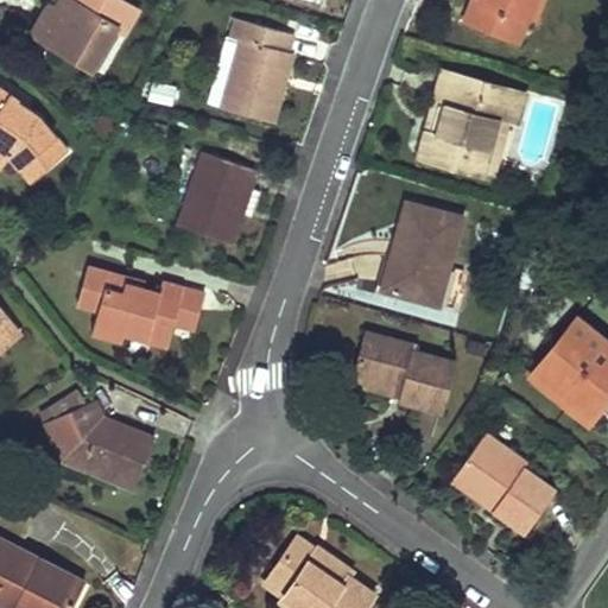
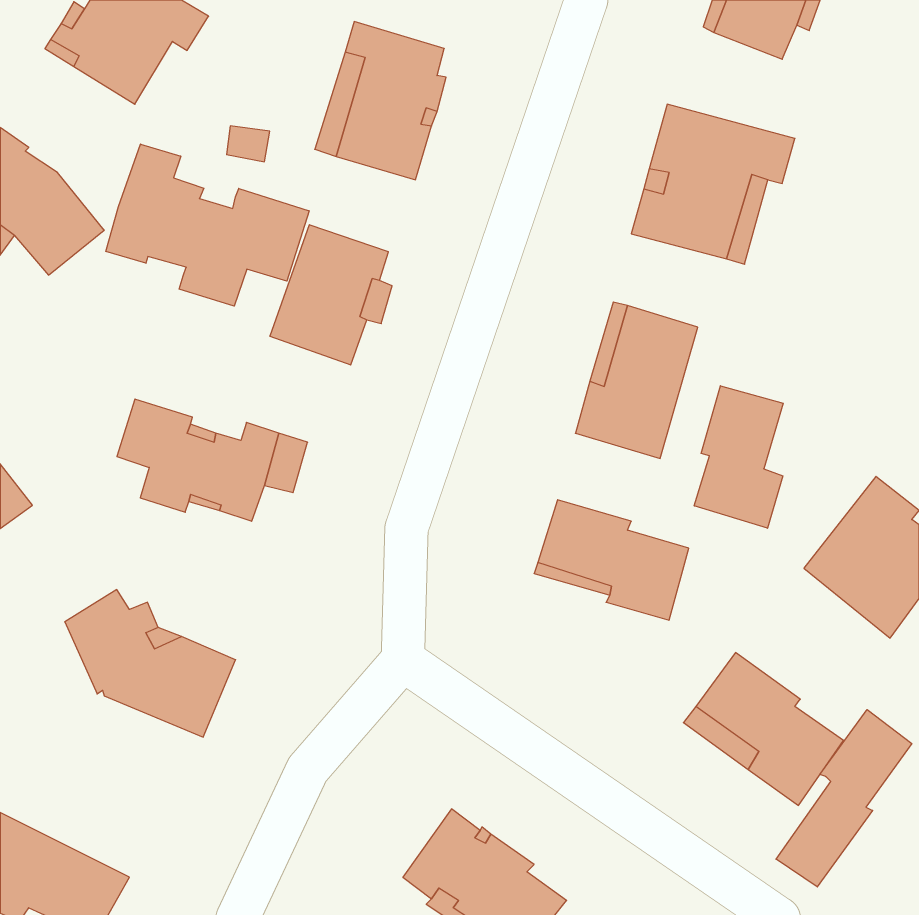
building: none -> [106,144,309,306]
building: none -> [694,386,783,528]
building: none -> [776,710,912,887]

